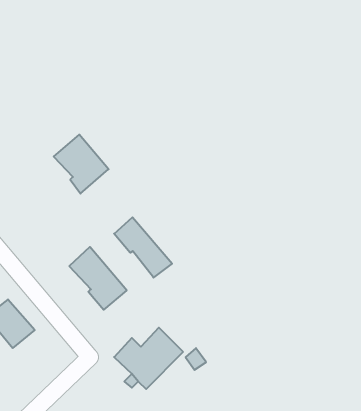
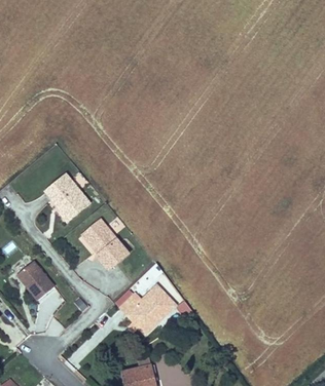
building: [54,135,109,194] -> [45,177,89,224]
building: [114,217,172,278] -> none

